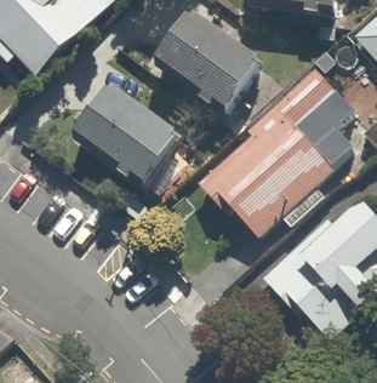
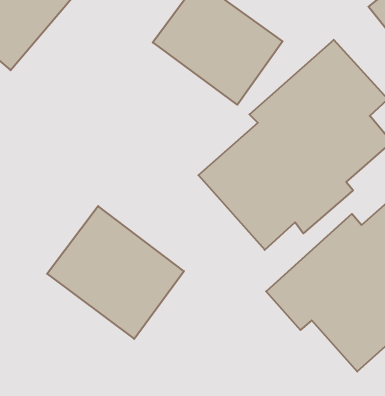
building: [72,76,192,193] -> [47,206,184,339]

